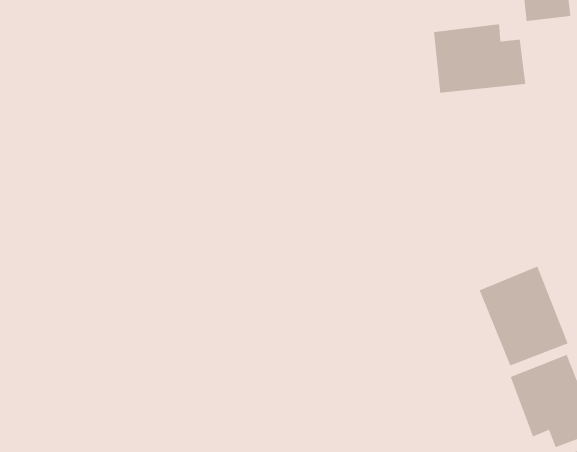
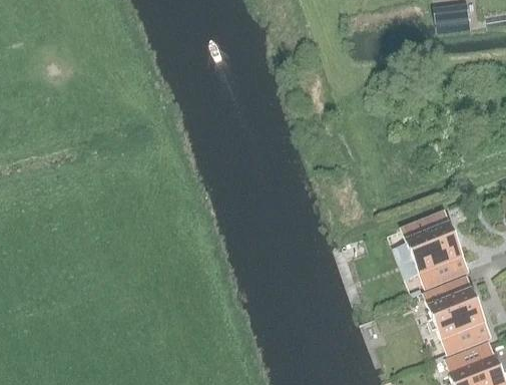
building: [433,23,526,93] -> none

